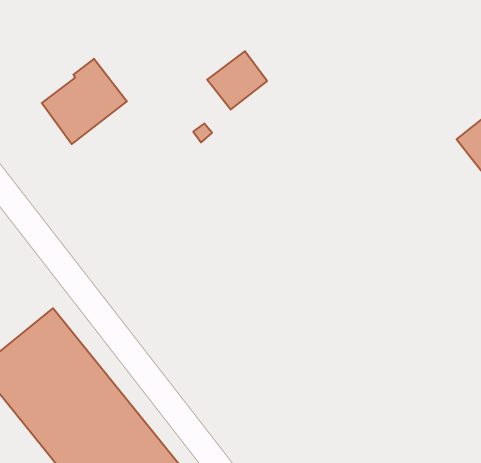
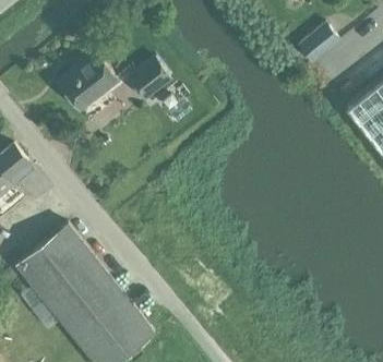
building: none -> [298,25,338,64]
building: [207,51,267,110] -> [131,60,172,100]

